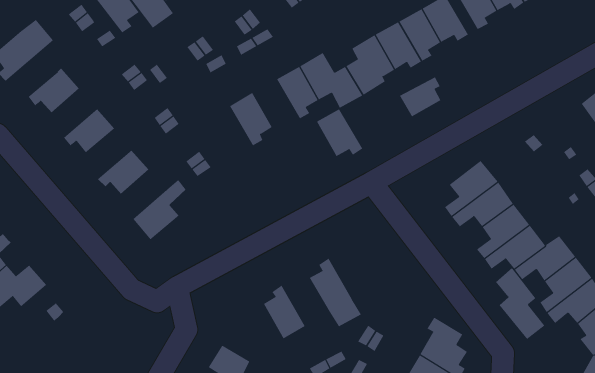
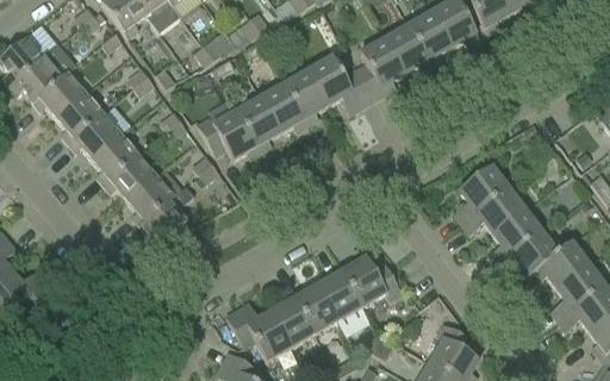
building: none -> [11,43,77,100]
building: [399,76,441,117] -> none
building: none -> [57,92,104,142]
building: none -> [198,110,261,158]
building: [316,108,363,157] -> [261,82,309,131]
building: none -> [92,132,138,183]
building: none -> [127,174,174,224]
building: none -> [338,256,402,305]
building: [495,267,545,340] -> none
building: none -> [291,283,338,332]
building: none -> [226,301,292,358]

